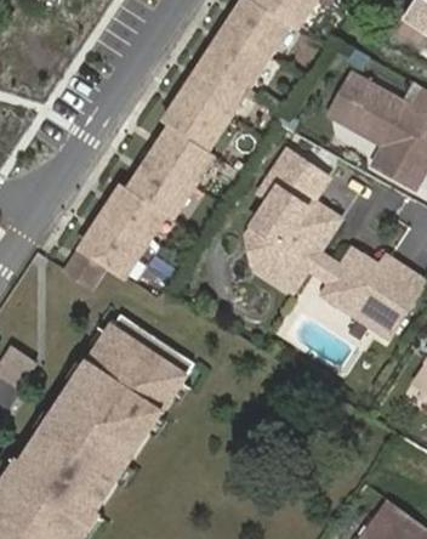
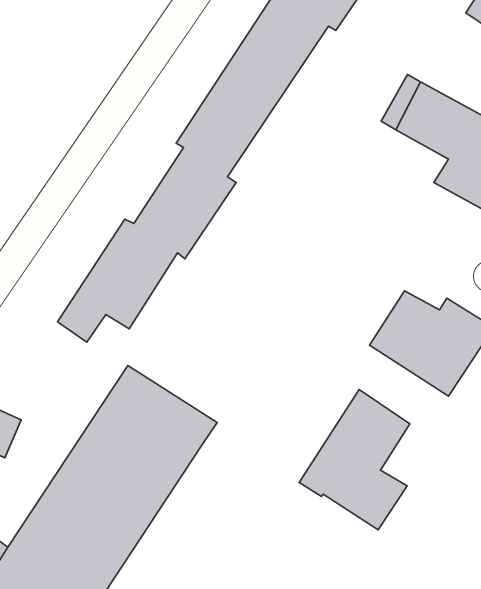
building: [247,152,338,297] -> none
building: none -> [299,390,410,530]

